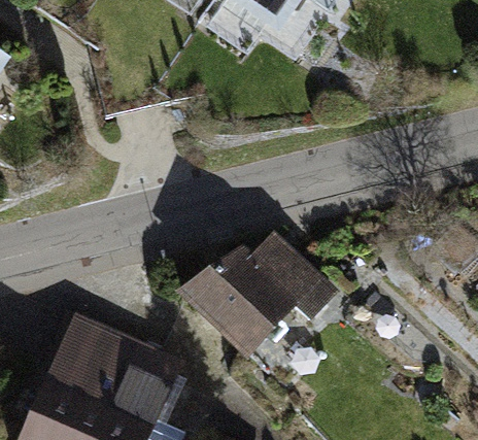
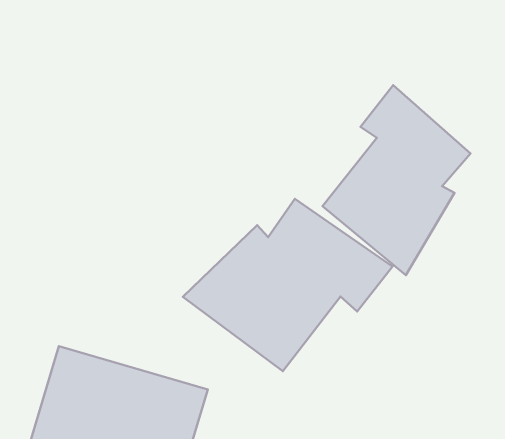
building: none -> [322,85,471,275]

